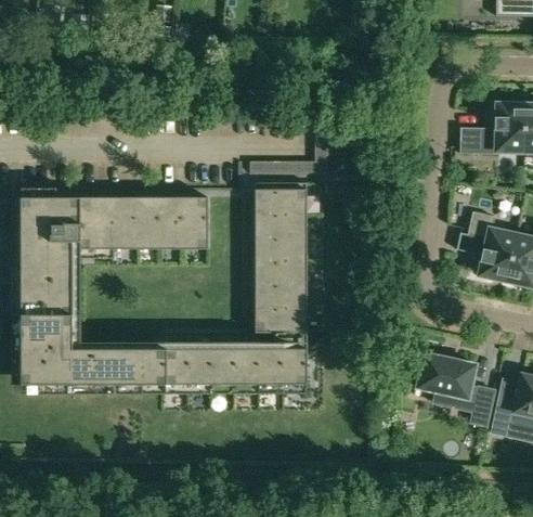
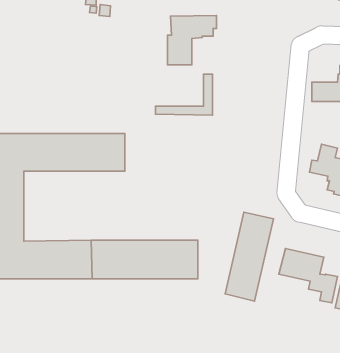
building: none -> [168,15,216,65]
building: [255,181,306,332] -> none
building: none -> [225,212,273,301]

